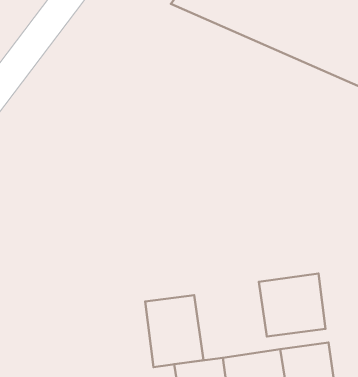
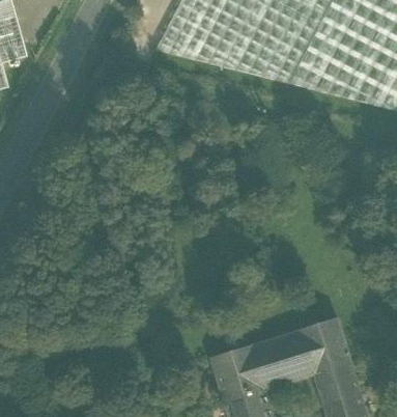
building: [259,273,325,337] -> none
building: [145,295,204,367] -> none

